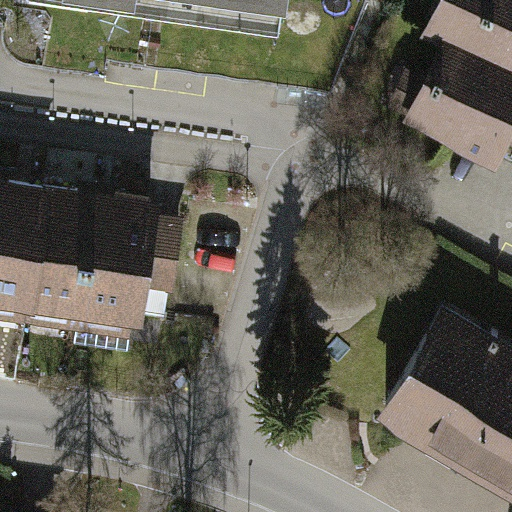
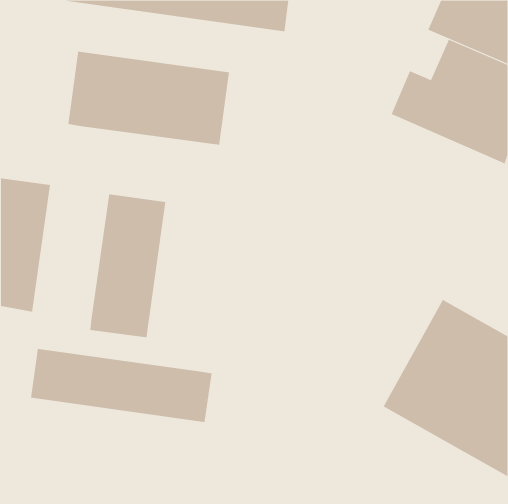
building: none -> [68,51,230,145]
building: [33,190,109,326] -> none
building: none -> [30,348,212,423]

